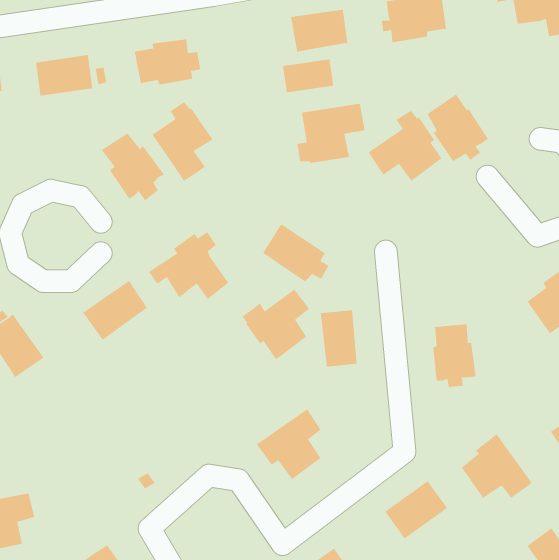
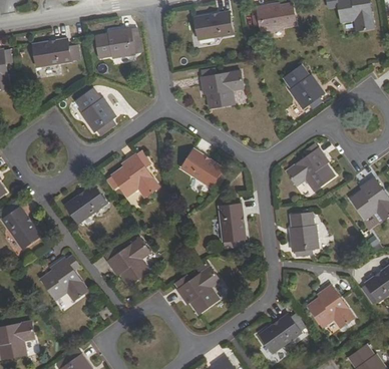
building: [282,59,334,93] -> none
building: [152,102,213,182] -> none
building: [367,110,443,182] -> [285,143,333,190]
building: [241,288,310,360] -> [105,239,149,285]
building: none -> [40,256,87,301]

